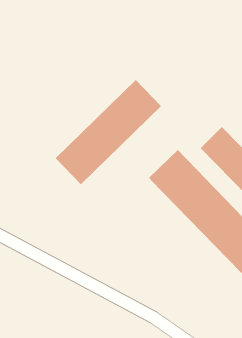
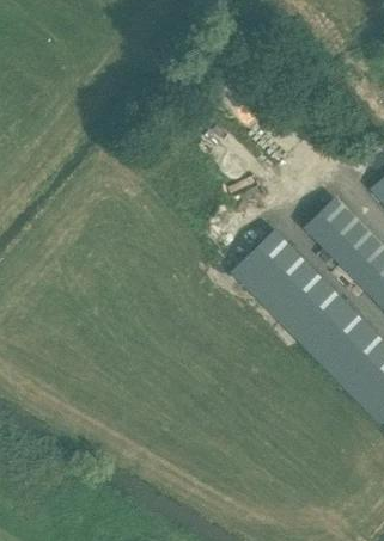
building: [55,79,162,185] -> none

